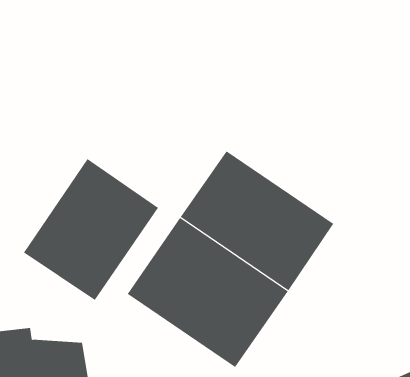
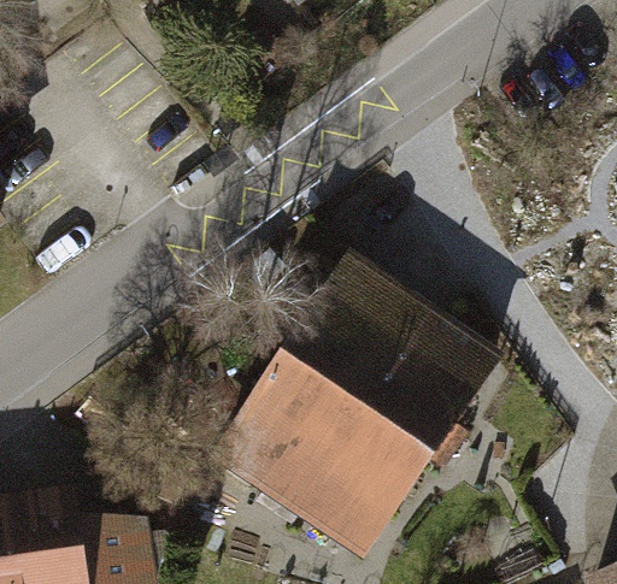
building: [23,158,159,301] -> none

